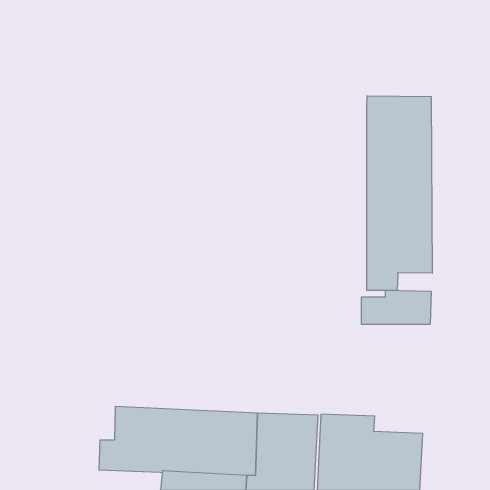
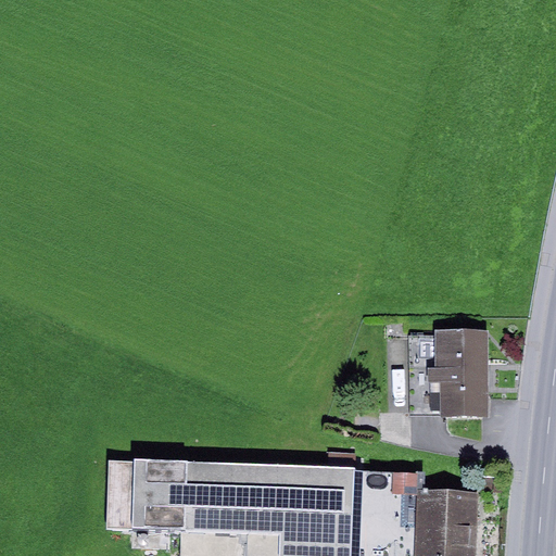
building: [367,96,432,291] -> none
building: none -> [408,367,486,416]

